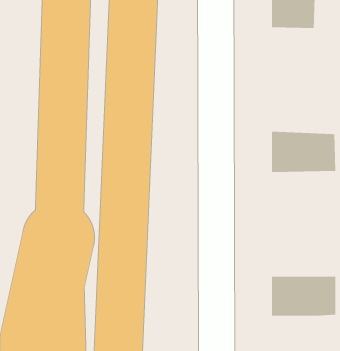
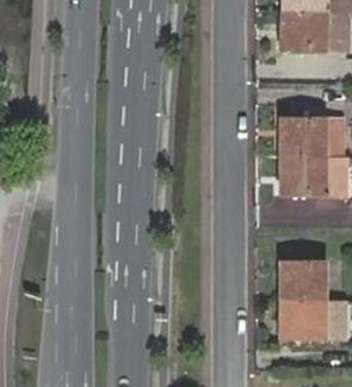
building: none -> [282,117,344,159]
building: none -> [283,262,327,300]

